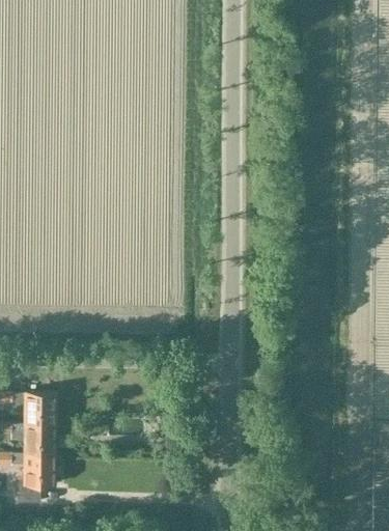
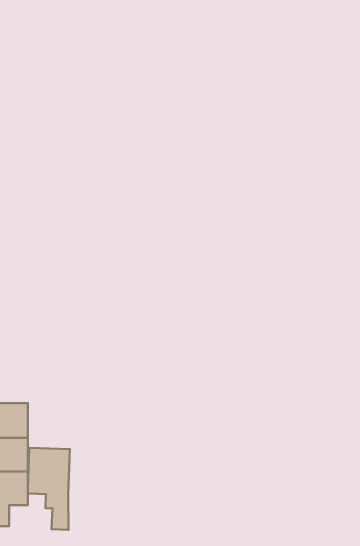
building: none -> [28,448,70,530]

